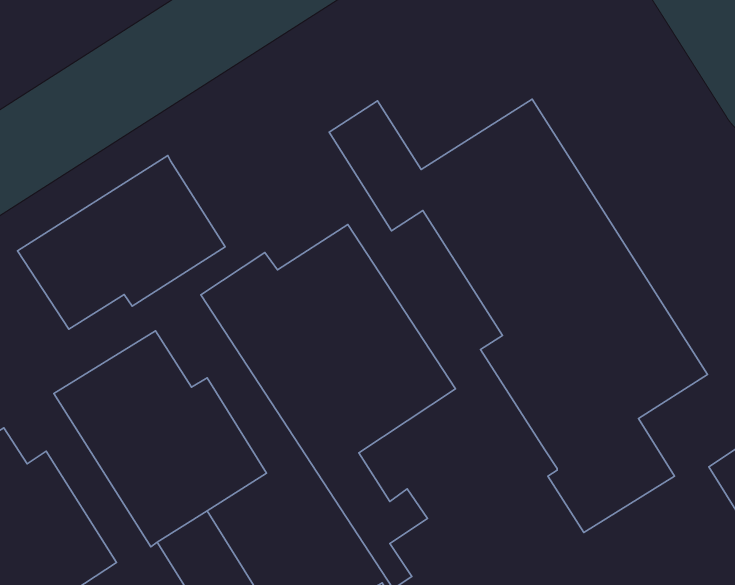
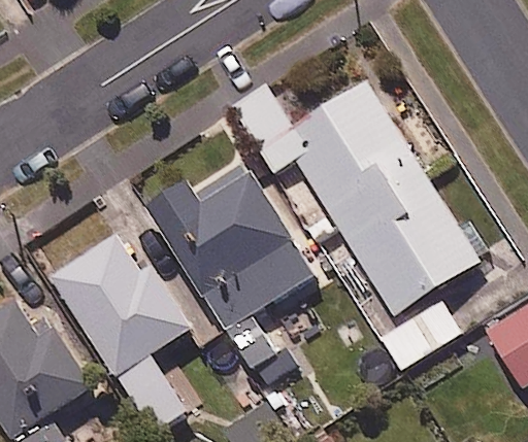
building: [17,155,225,329] -> none

